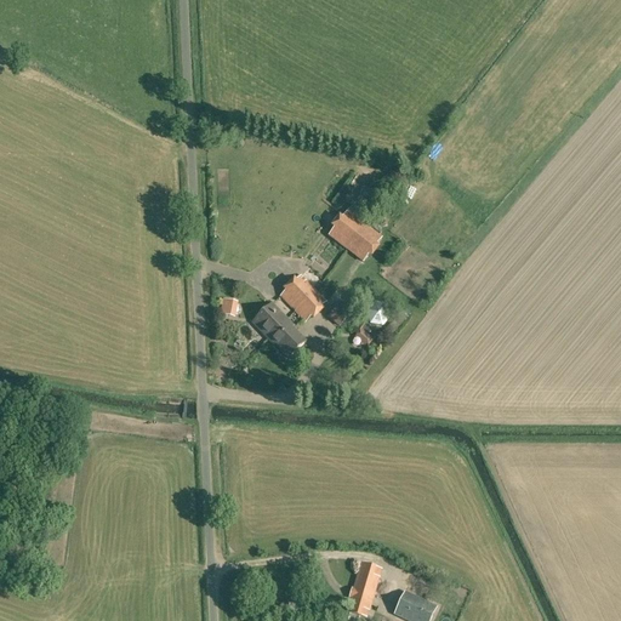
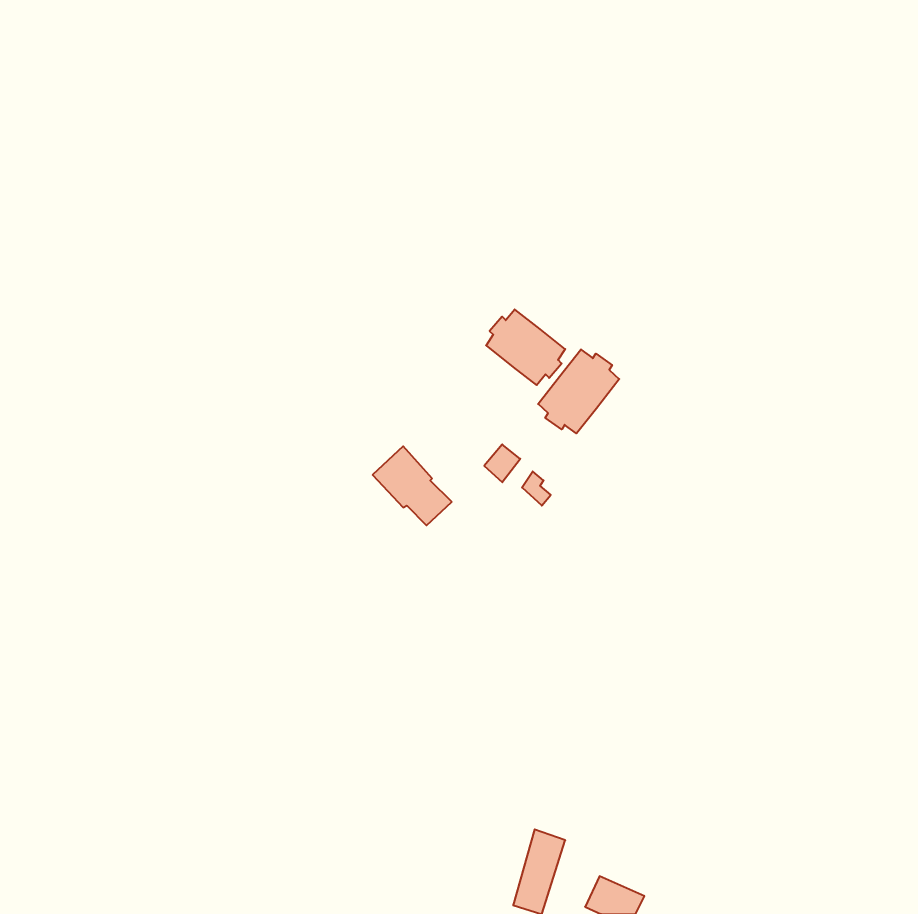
building: none -> [538,349,619,433]
building: [278,272,326,320] -> none

